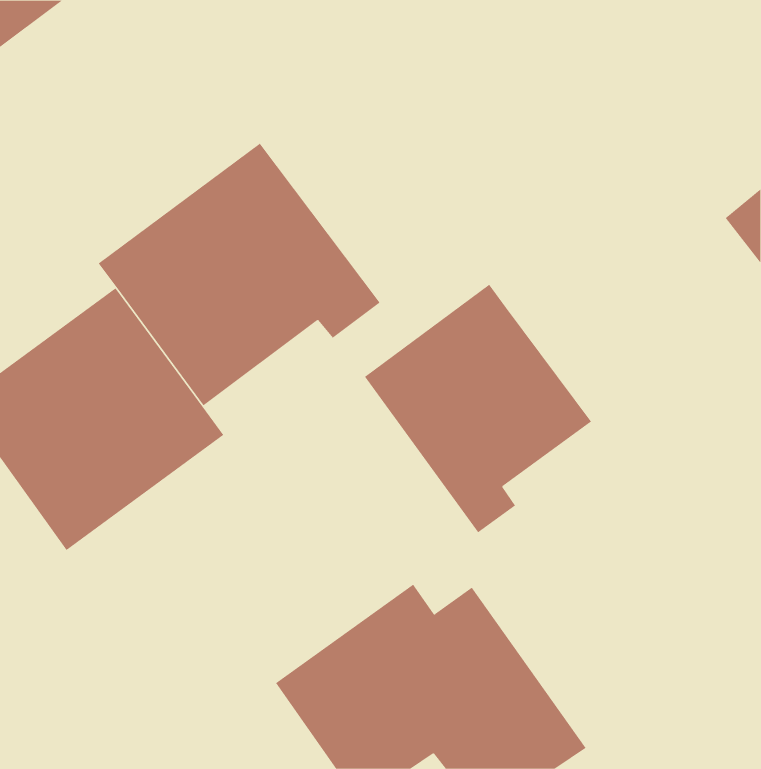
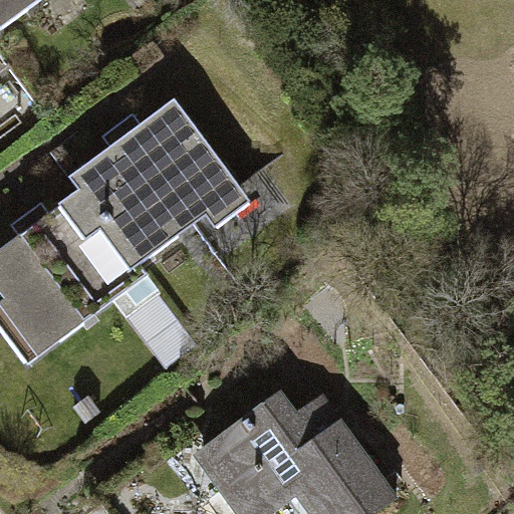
building: [364,284,592,533] -> none

